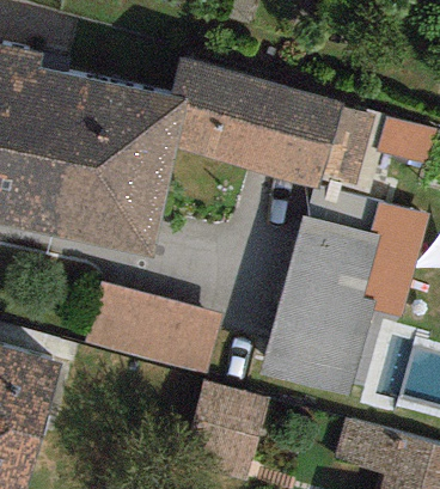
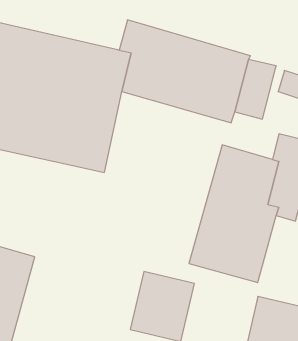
building: [81,279,221,372] -> none

